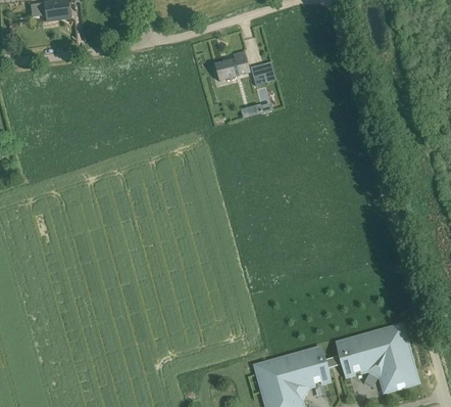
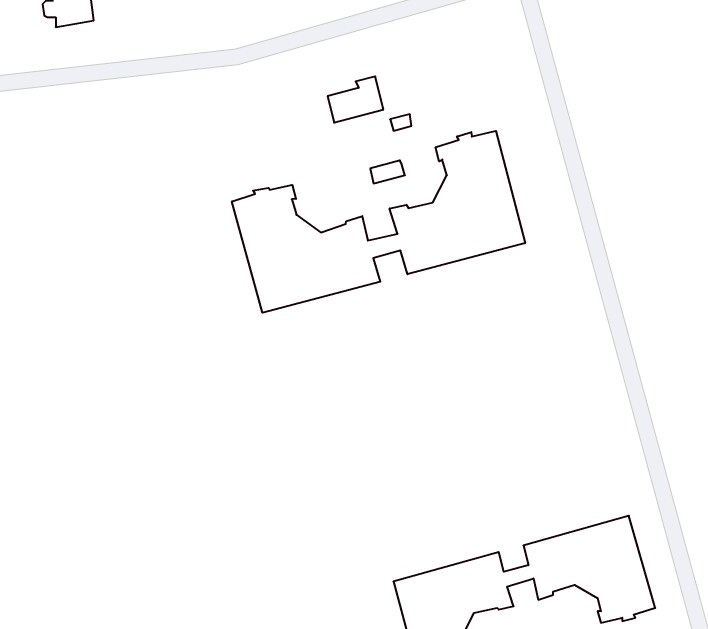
building: none -> [232,131,525,313]

